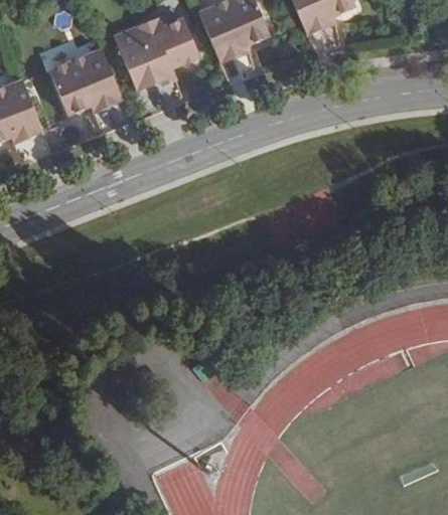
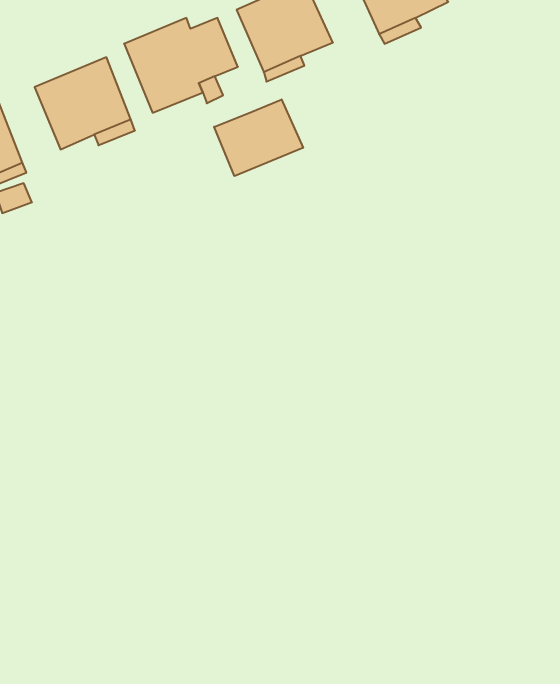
building: none -> [214,99,303,176]

